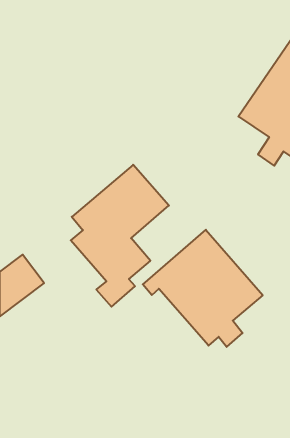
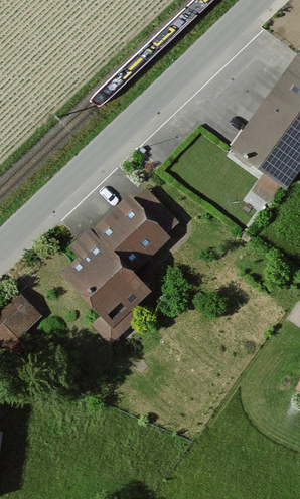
building: [143,230,263,347] -> none

